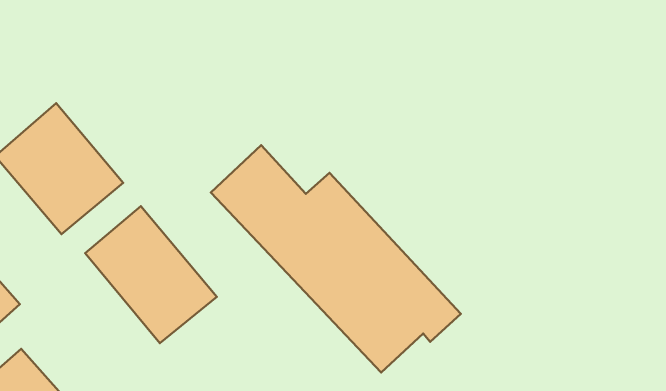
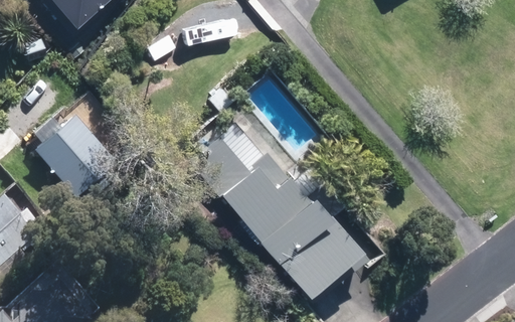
building: [85,206,217,343] -> none

